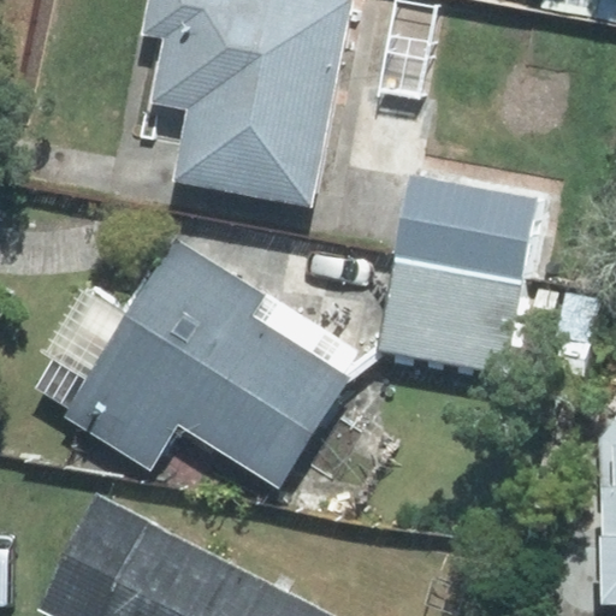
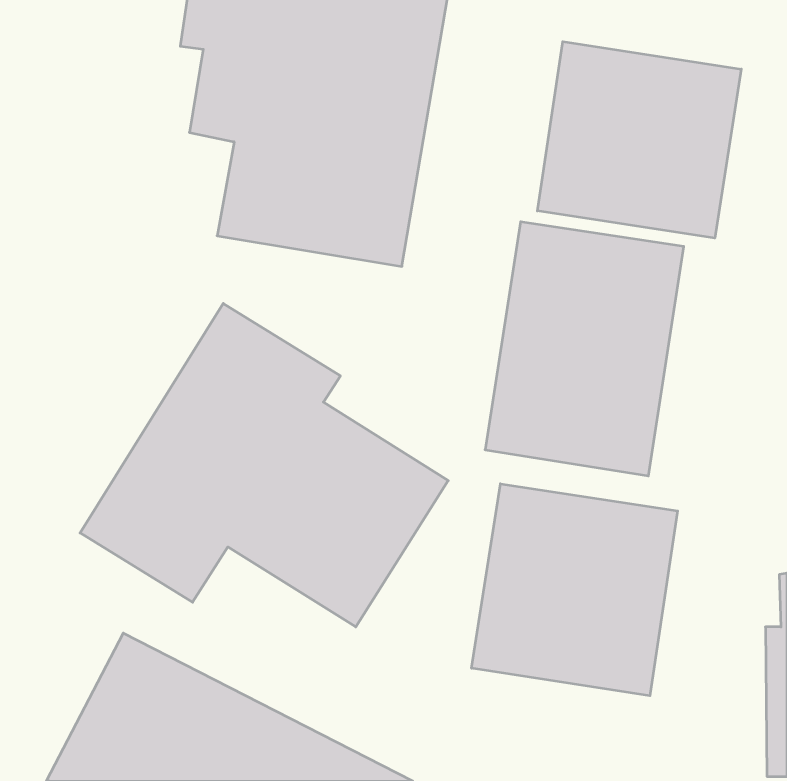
building: none -> [537,42,741,238]
building: none -> [472,484,678,696]

